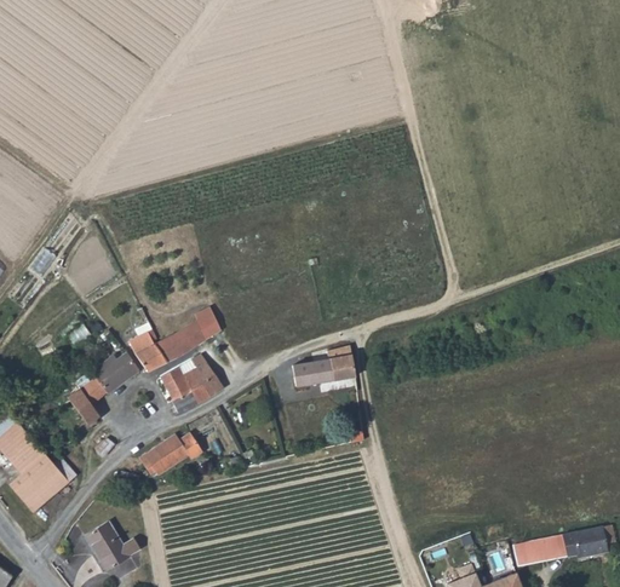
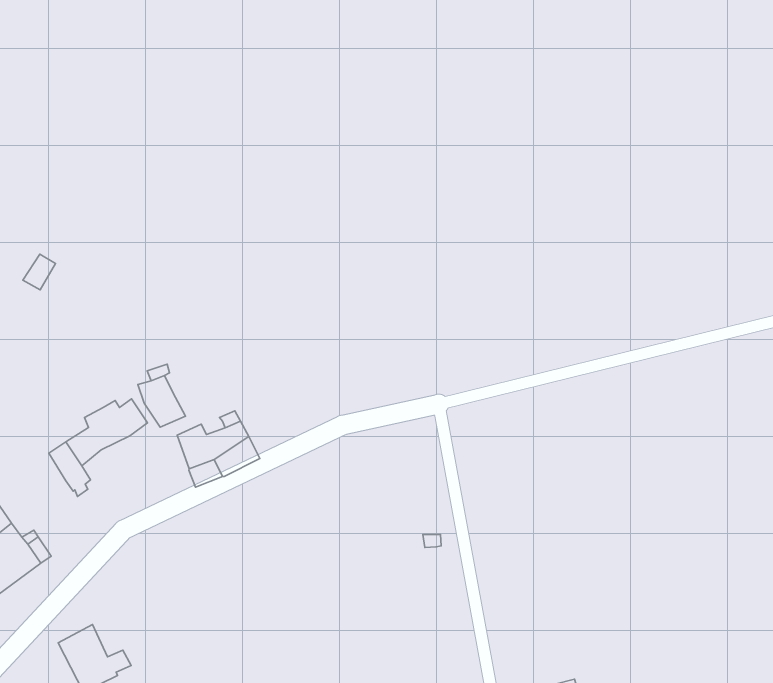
building: [154,312,220,361] -> none
building: [288,347,352,390] -> none
building: [138,433,203,476] -> none

